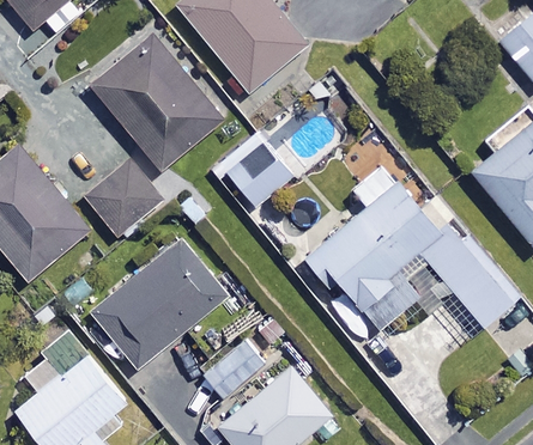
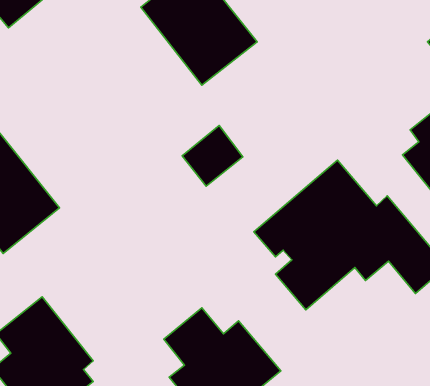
building: [91,37,223,171] -> none
building: [85,161,164,239] -> none
building: [91,239,228,371] -> none

